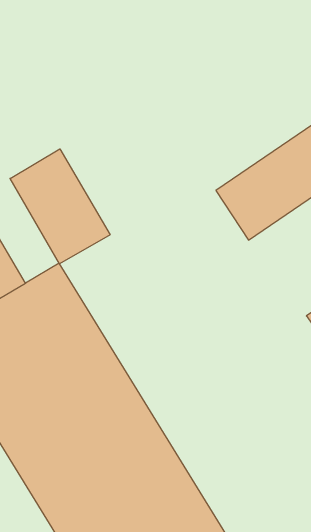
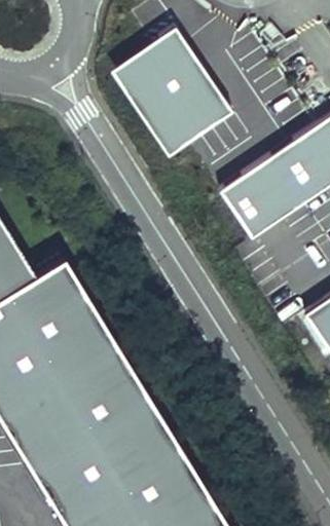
building: none -> [113,27,233,153]
building: [10,149,110,264] -> none

